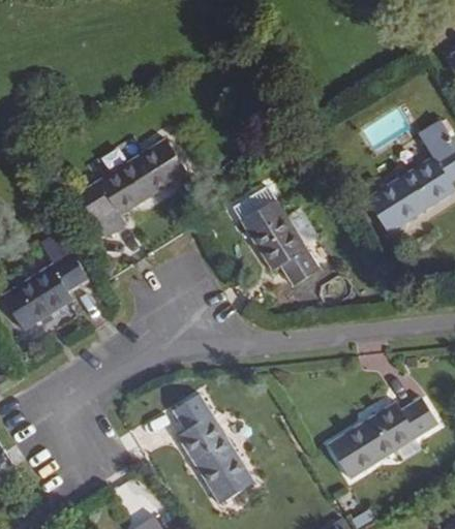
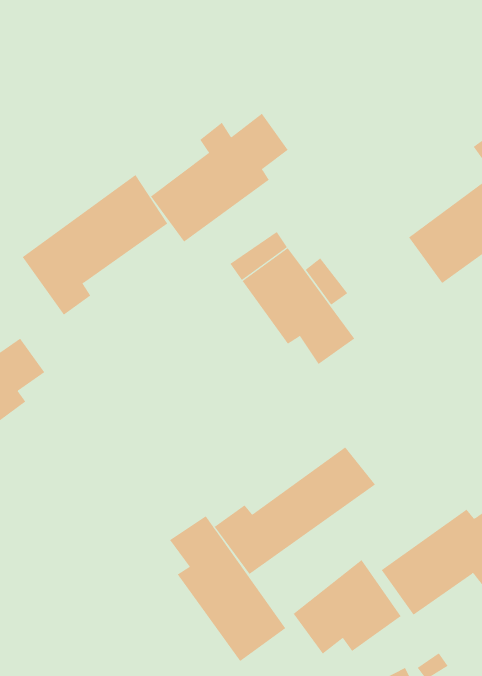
building: none -> [150,113,289,243]
building: none -> [214,446,376,575]
building: none -> [293,559,402,655]

